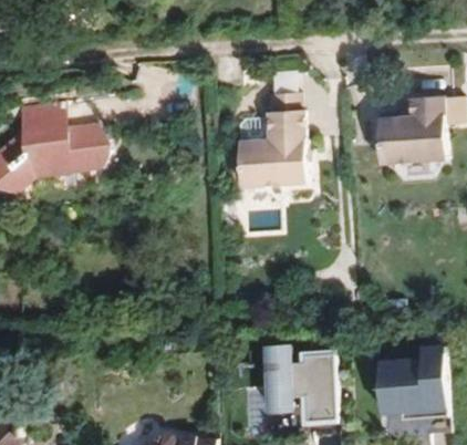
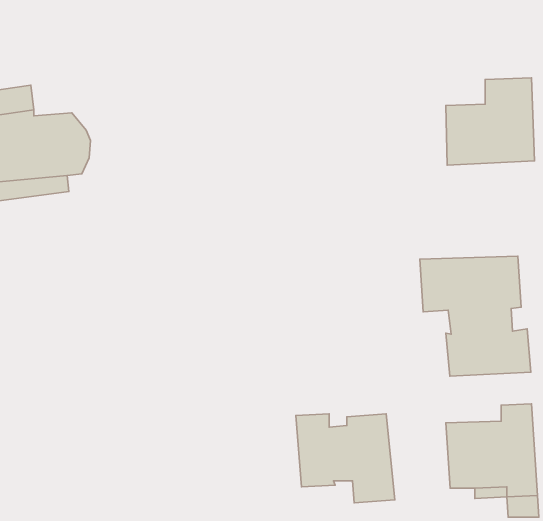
building: [236,91,305,186] -> none
building: none -> [420,256,531,376]

